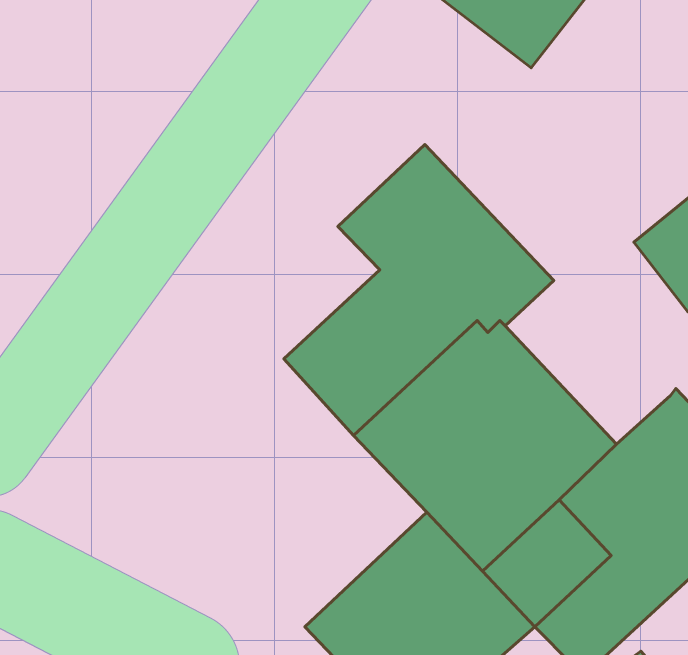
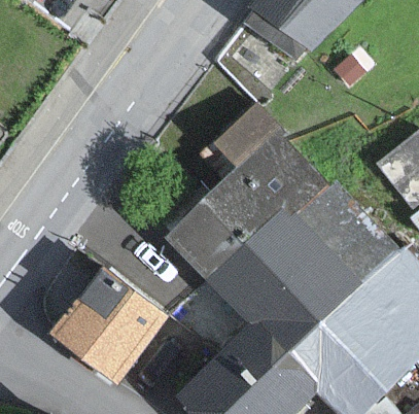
building: none -> [302,183,399,282]
building: none -> [49,270,167,385]

